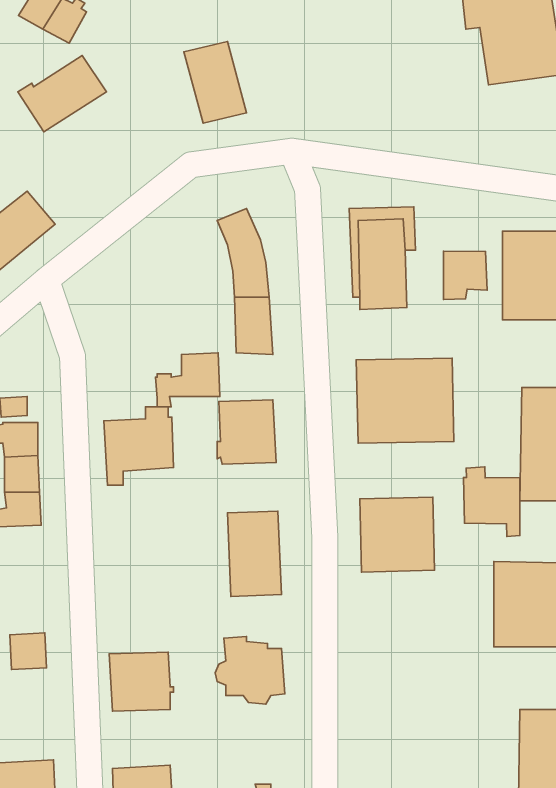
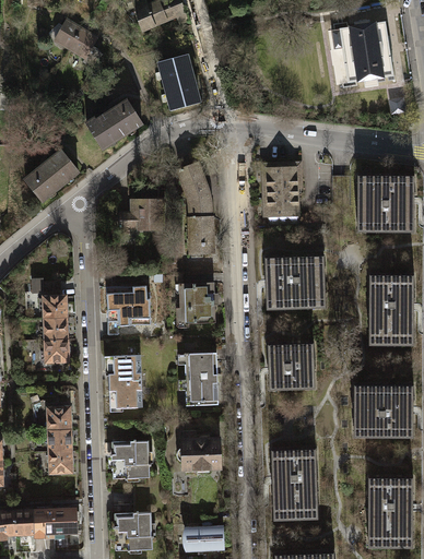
building: [18,55,107,132] -> [84,100,140,148]
building: [443,251,487,300] -> none
building: [155,353,220,407] -> [119,199,160,233]
building: [464,467,520,536] -> none
building: none -> [108,355,142,407]
building: none -> [47,406,70,429]
building: none -> [271,448,318,519]
building: none -> [49,450,72,473]

